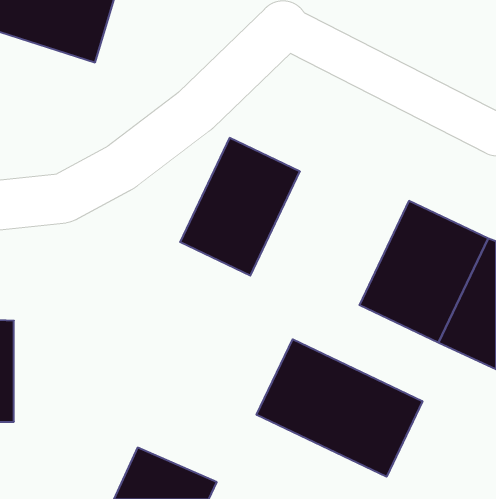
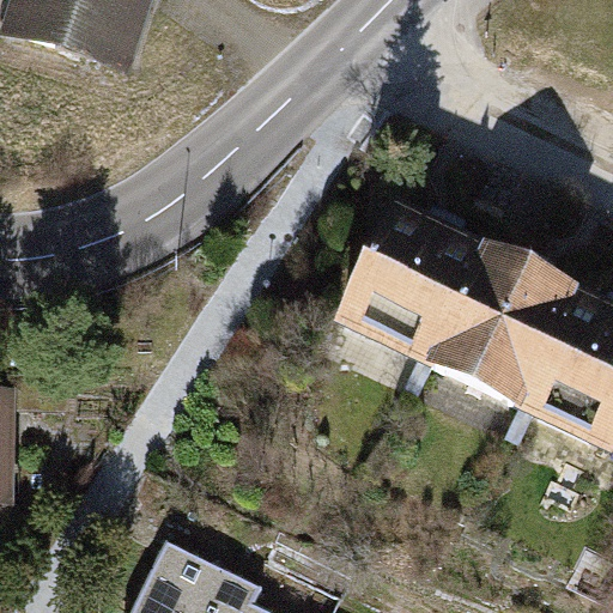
building: [180,138,300,276] -> [350,202,494,369]
building: [257,339,422,477] -> none

